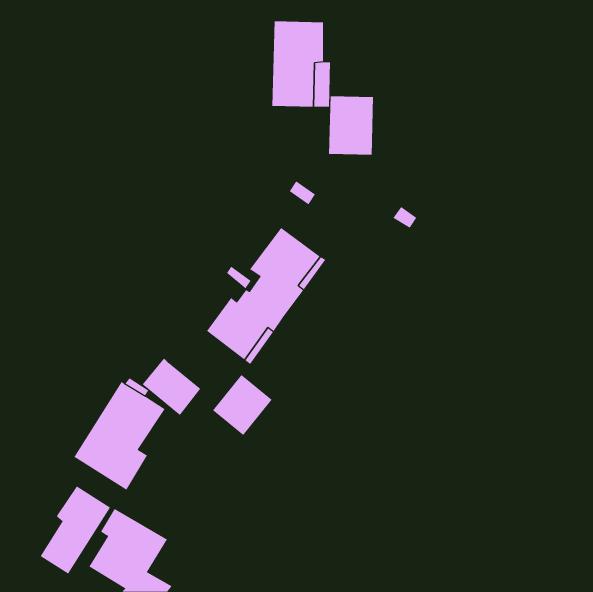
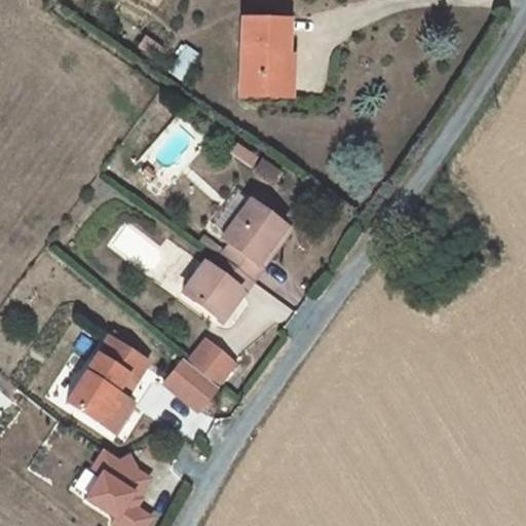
building: [328,96,374,155] -> none
building: [142,358,201,416] -> [165,358,218,409]
building: [40,485,111,575] -> none

